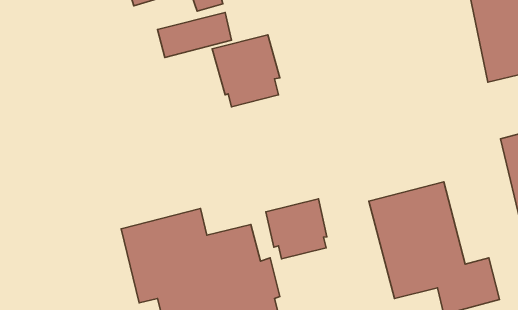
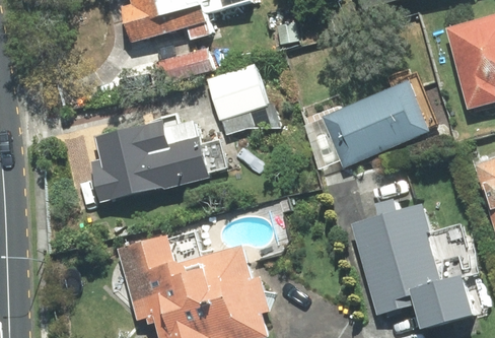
building: none -> [322,80,429,163]
building: none -> [90,121,210,201]
building: [266,199,327,259] -> none

